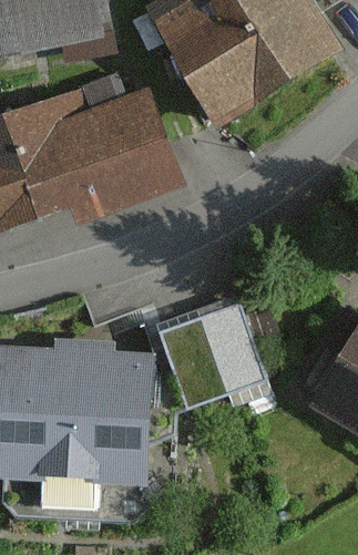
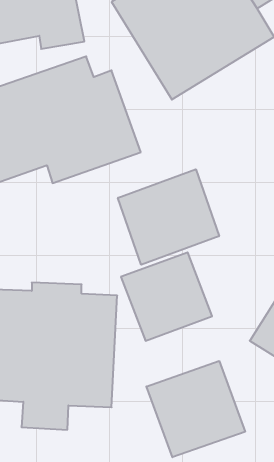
building: none -> [118,169,219,265]
building: none -> [146,361,245,457]

